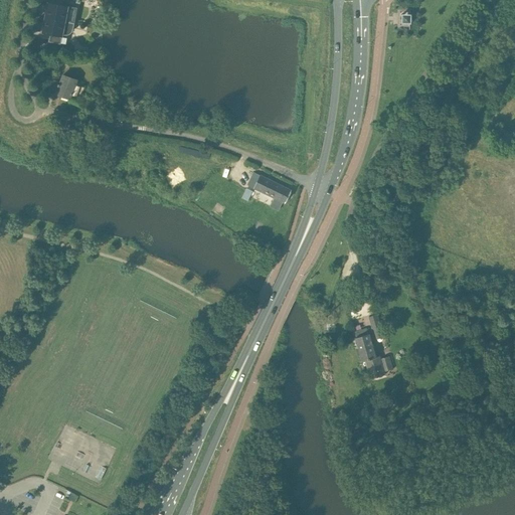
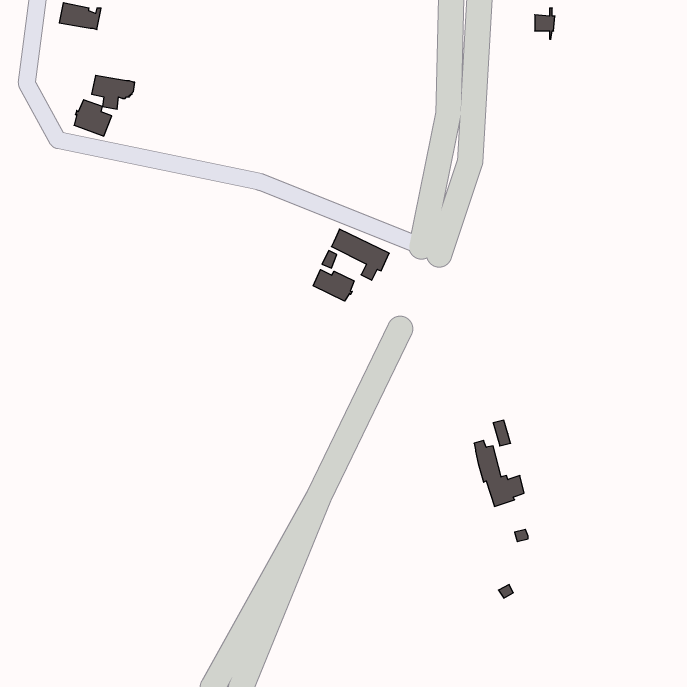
building: [41,17,73,42] -> [92,75,135,109]
building: none -> [313,270,354,301]

